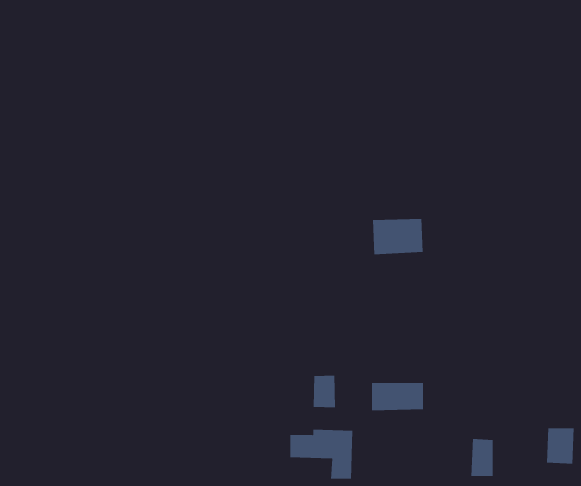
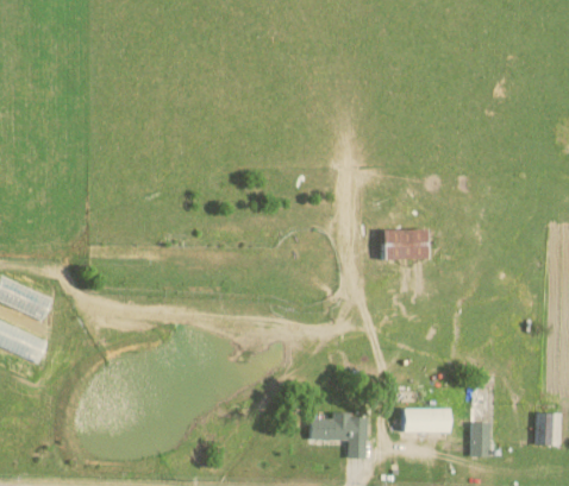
building: [313,375,335,408] -> none
building: [371,382,424,411] -> [405,408,451,433]

